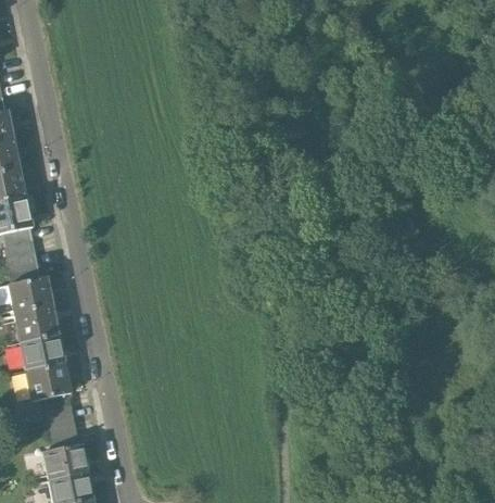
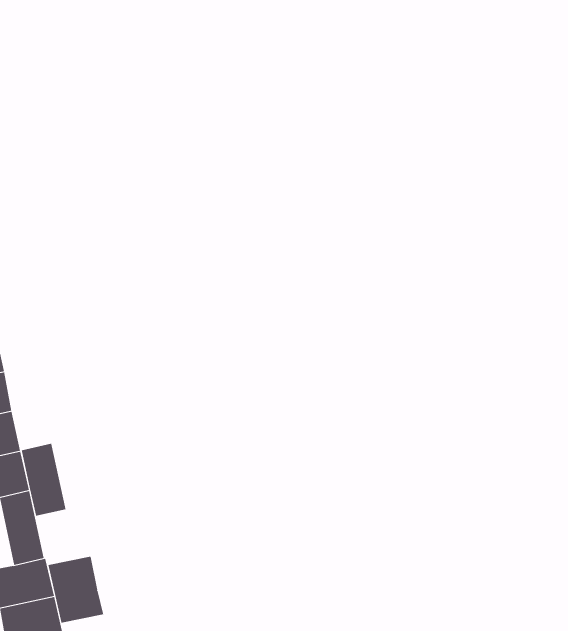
building: none -> [21,443,66,516]
building: none -> [48,556,104,624]

